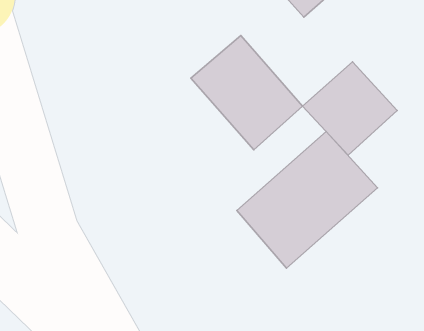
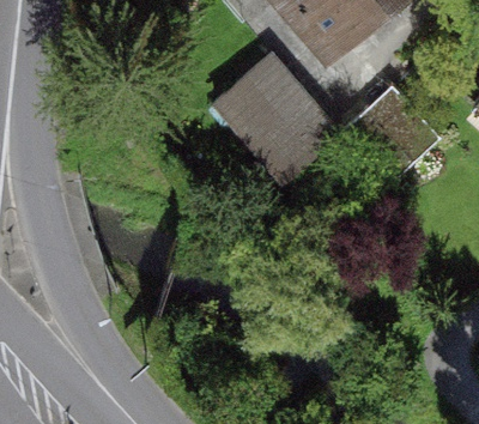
building: [237,132,378,268] -> none

